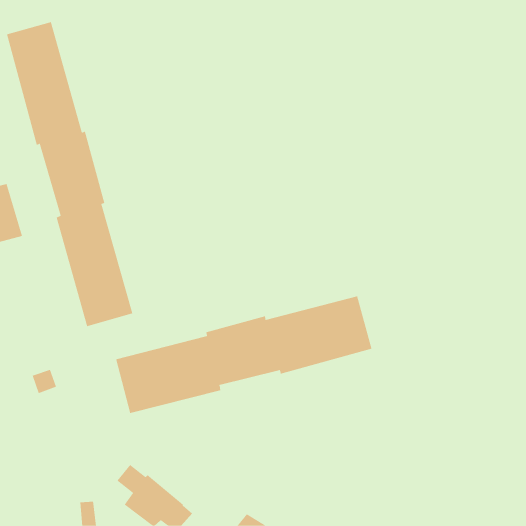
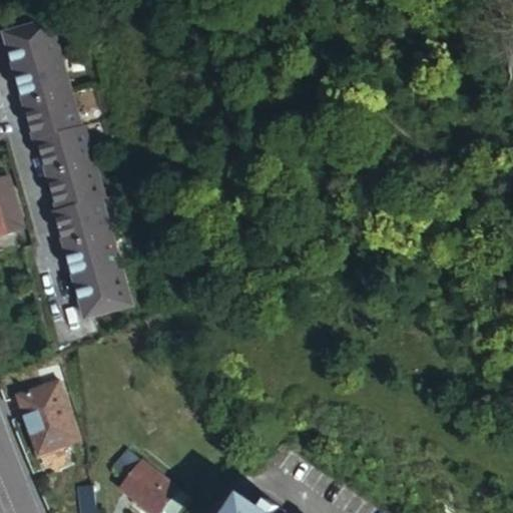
building: [116,296,372,414] -> none
building: none -> [16,382,77,455]

